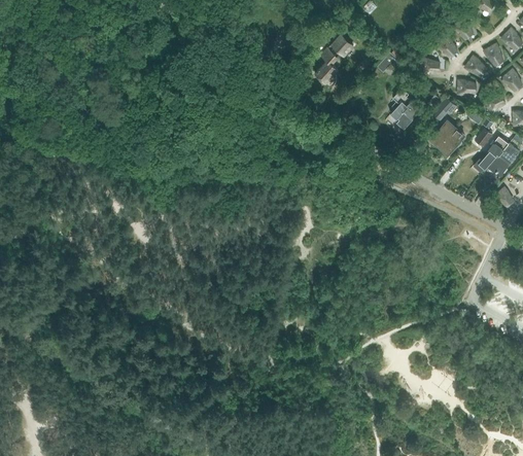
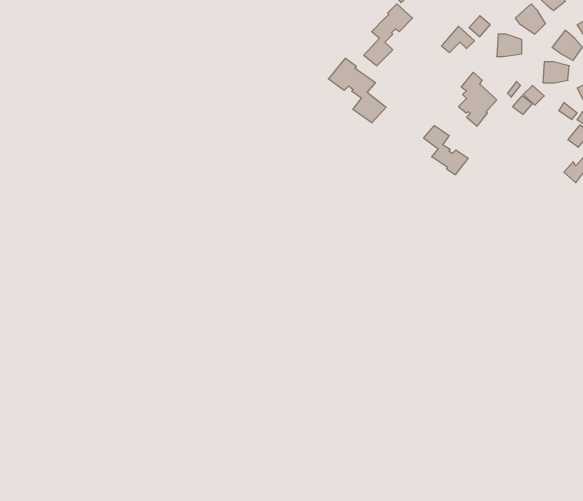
building: none -> [328,58,386,123]
building: [431,122,464,155] -> none
building: none -> [424,126,468,175]

